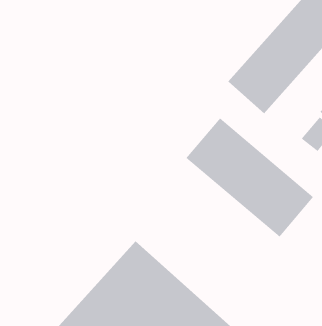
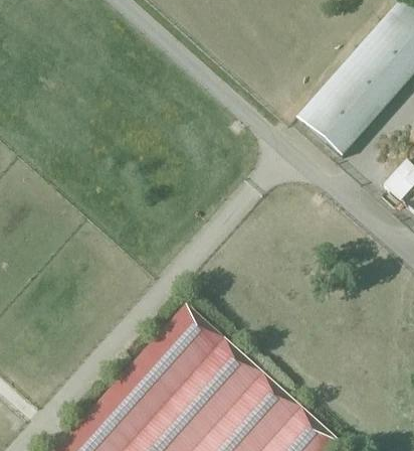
building: [186,117,314,237] -> none

